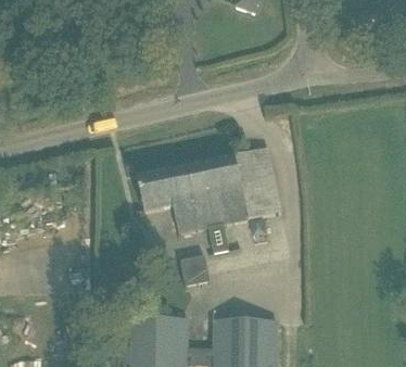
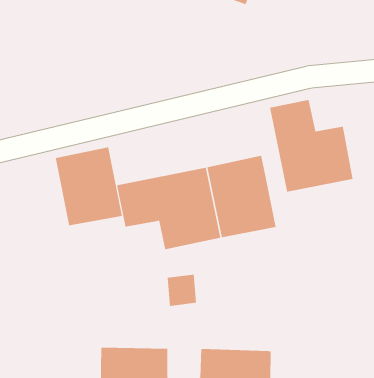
building: none -> [270,99,353,193]
building: none -> [55,147,123,226]

